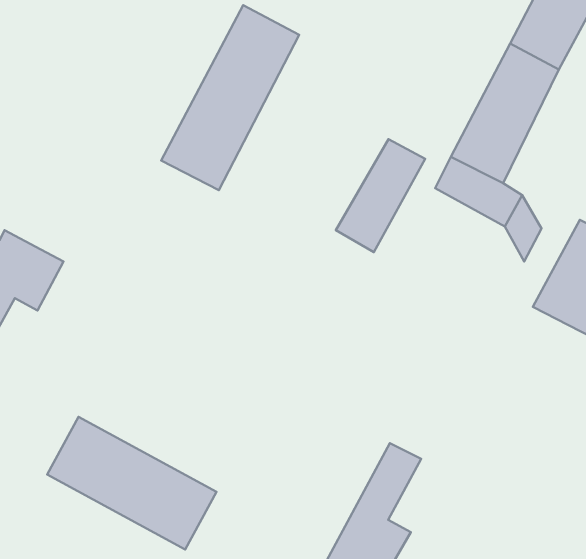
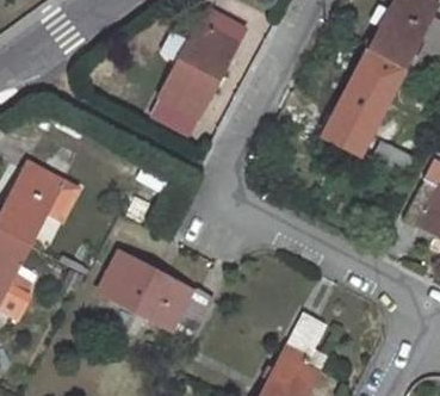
building: [336,139,425,252] -> none
building: [47,417,216,550] -> [97,250,212,341]

